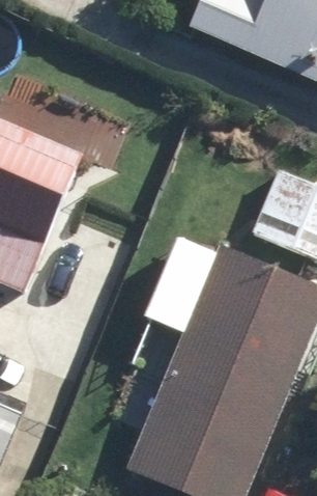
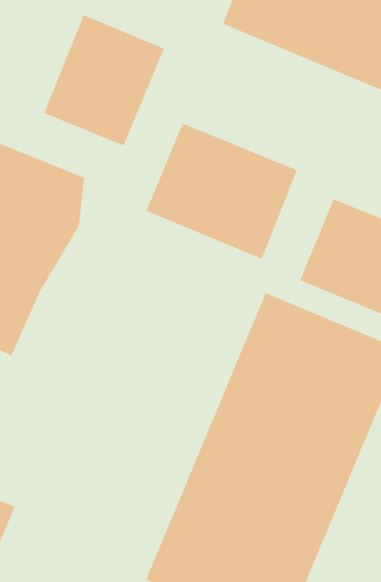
building: none -> [43,14,165,147]
building: none -> [146,123,298,260]

